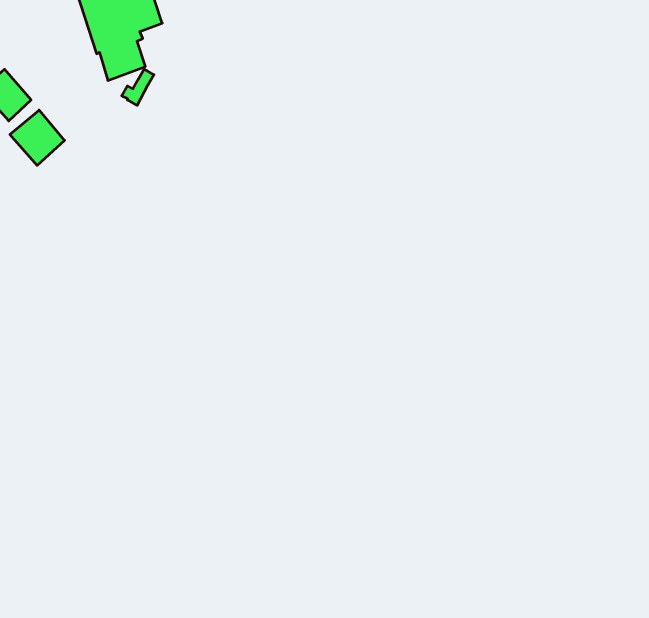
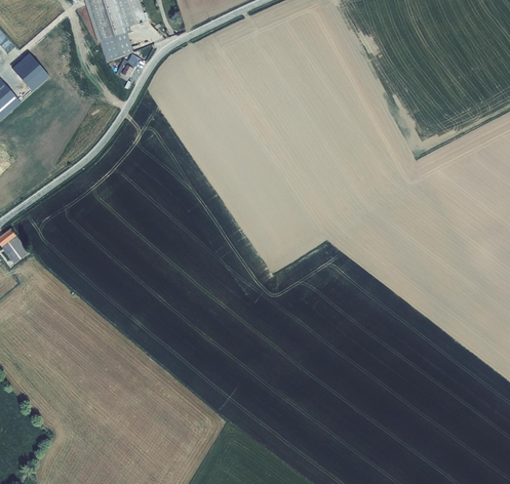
building: [10,110,65,165] -> none

